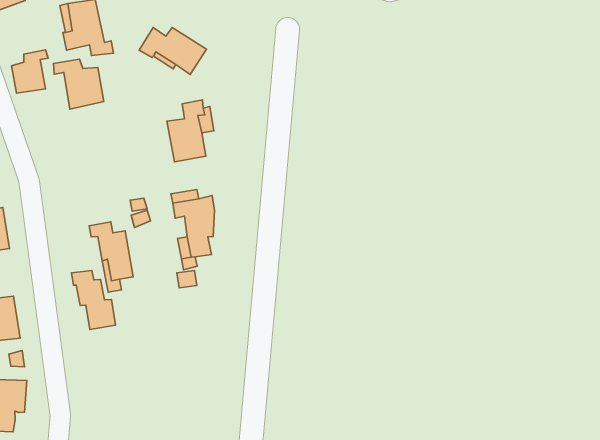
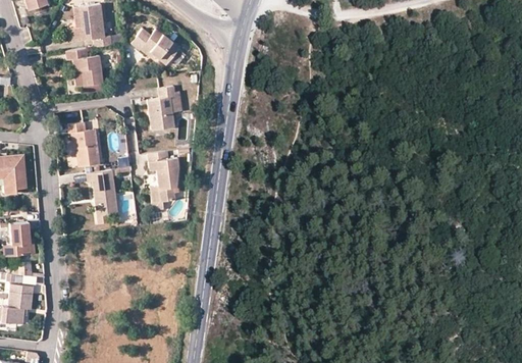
building: [12,50,48,93] -> none
building: [71,270,116,330] -> [68,123,99,167]

